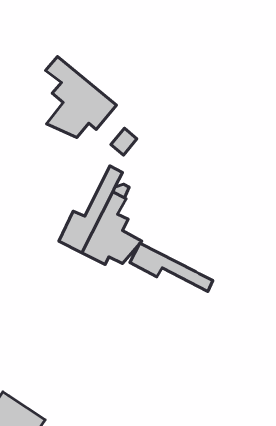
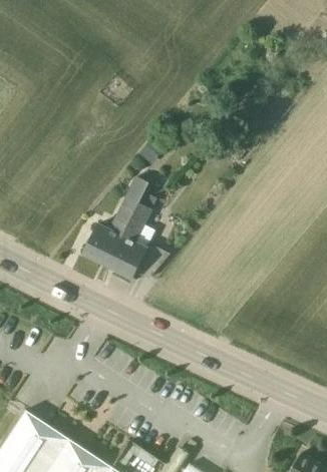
building: [46,56,116,137] -> none
building: [130,243,213,291] -> none

